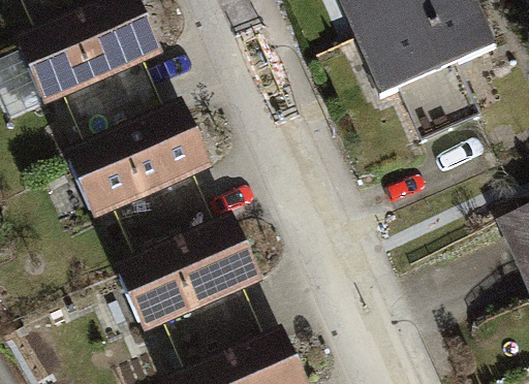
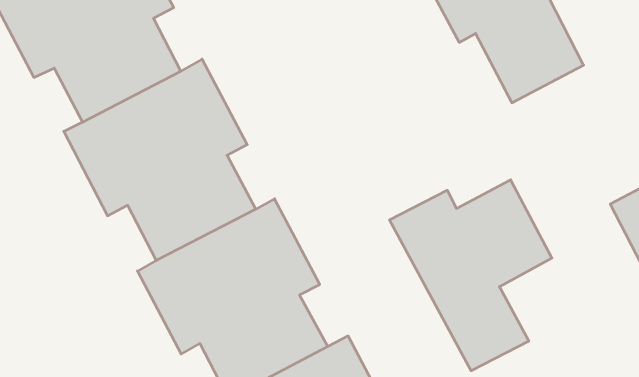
building: none -> [390,180,552,371]

